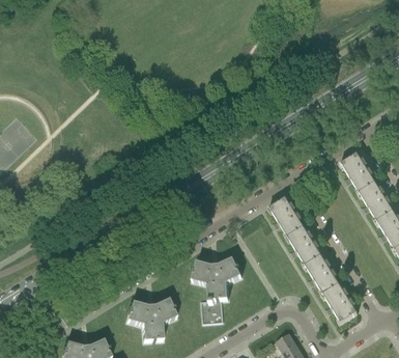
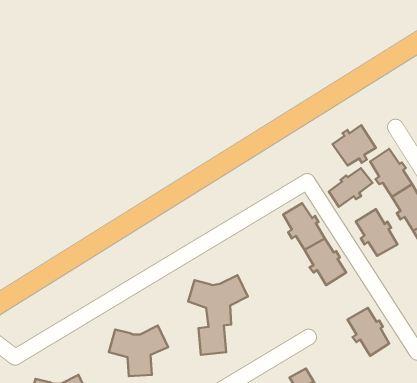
building: none -> [332,125,376,166]
building: none -> [329,168,373,207]
building: [305,255,339,294] -> [356,209,397,256]

